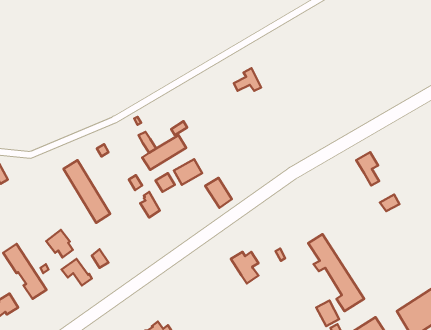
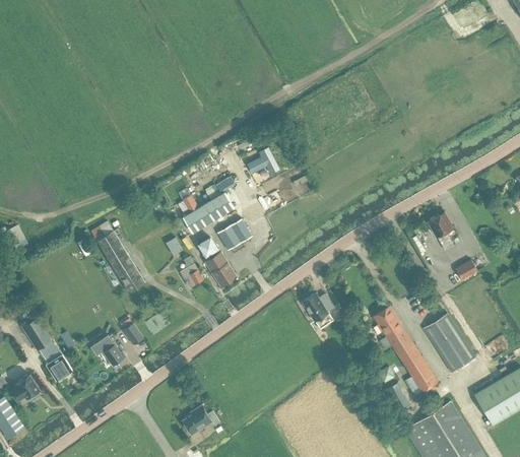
building: [234,68,261,91] -> [247,146,278,173]
building: [205,178,232,208] -> [205,252,236,286]
building: [46,230,73,258] -> none
building: none -> [422,313,474,372]
building: [231,252,258,284] -> [302,292,333,329]

